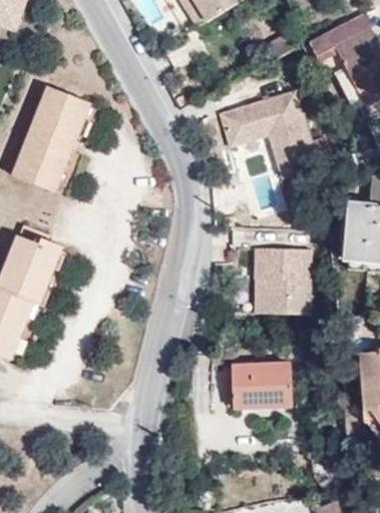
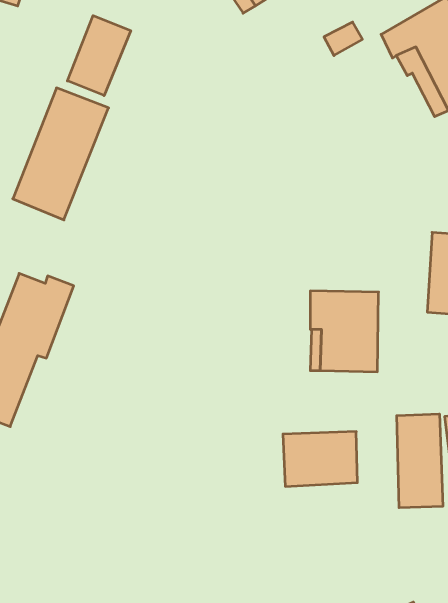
building: none -> [67,16,131,96]
building: [220,90,317,175] -> none
building: none -> [397,414,443,508]

